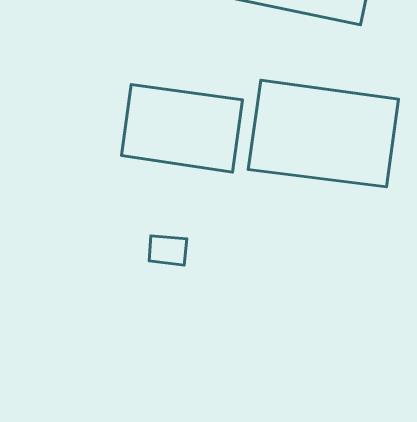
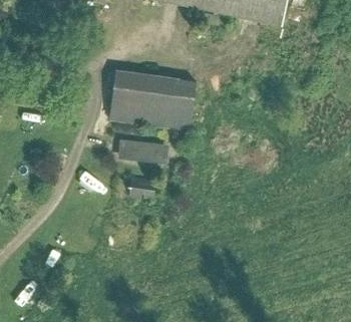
building: [248,80,398,187] -> none
building: none -> [117,140,167,165]

